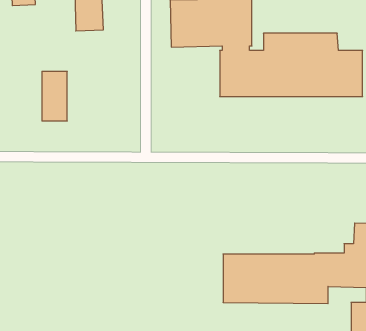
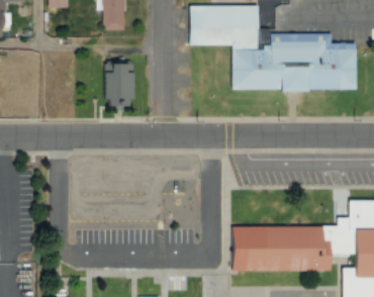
building: [42,71,67,121] -> [109,63,131,106]

